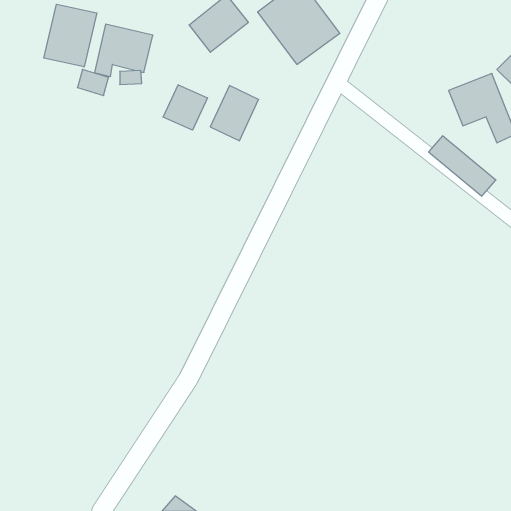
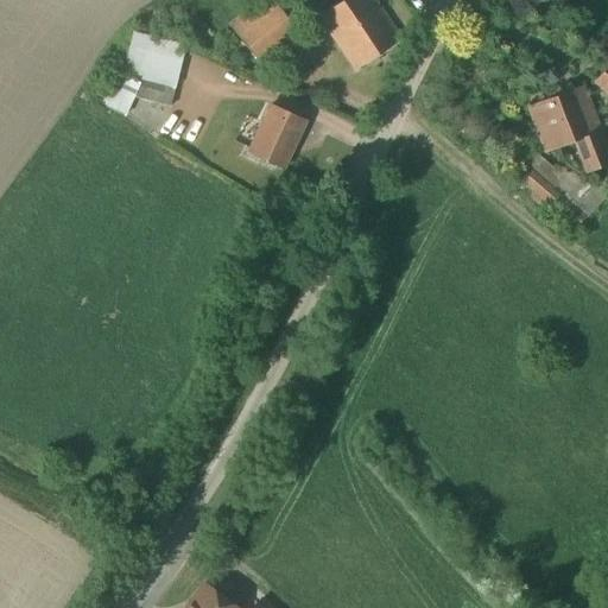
building: [44,4,97,67] -> none
building: [163,85,207,130] -> none

